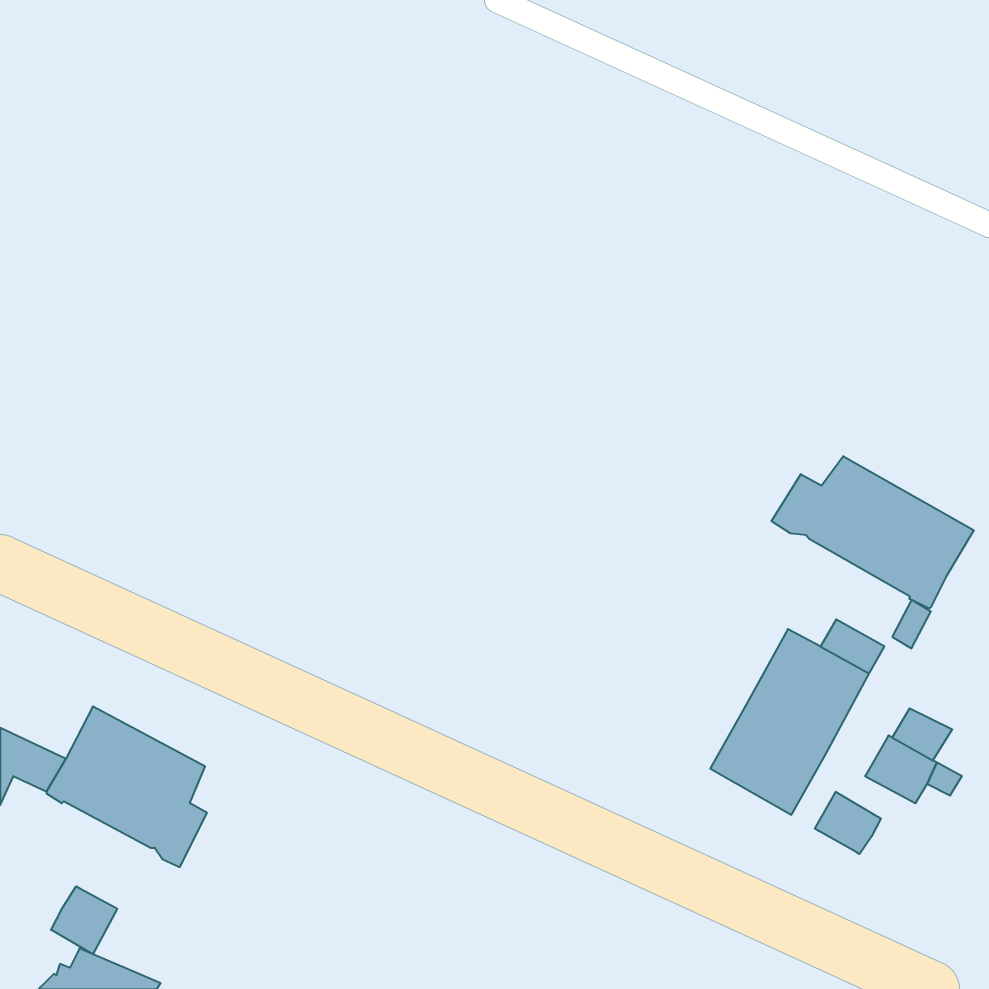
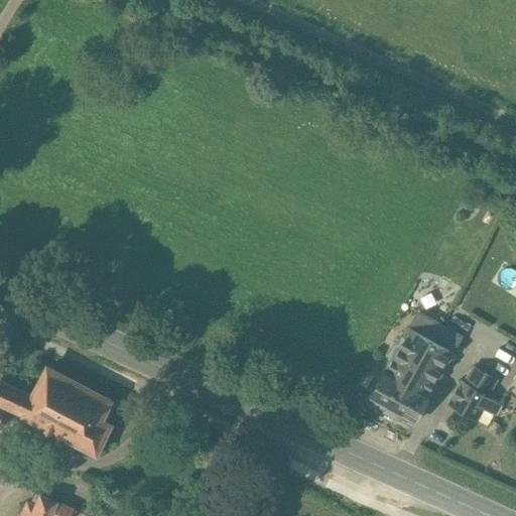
building: [772,456,974,609] -> none
building: [815,792,881,854] -> none
building: [51,886,117,954] -> none

